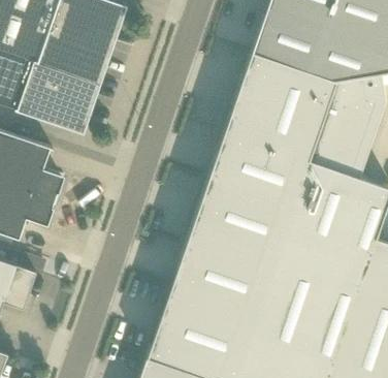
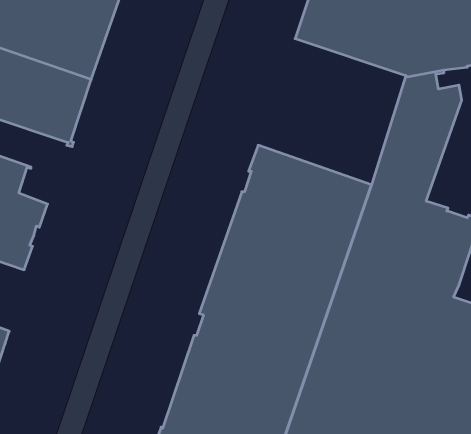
building: [224,53,335,163] -> none

